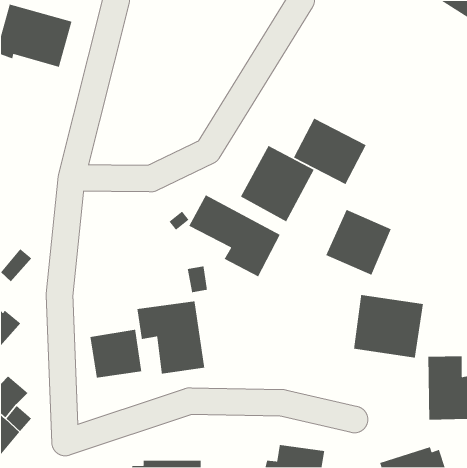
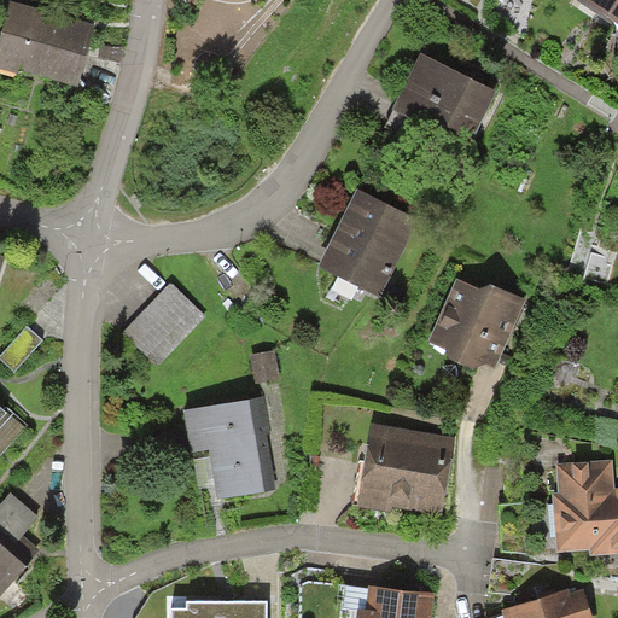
building: [293,117,367,185] -> [390,53,488,142]
building: [188,194,281,278] -> none
building: none -> [119,279,206,366]
building: [353,294,424,358] -> [357,422,450,507]
building: [90,329,142,378] -> none

